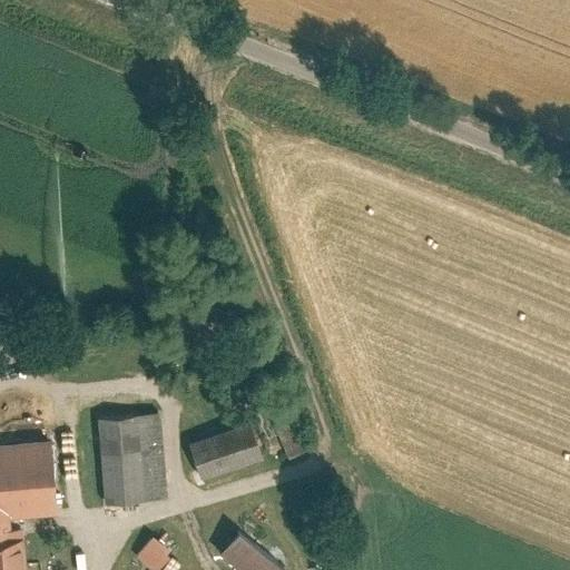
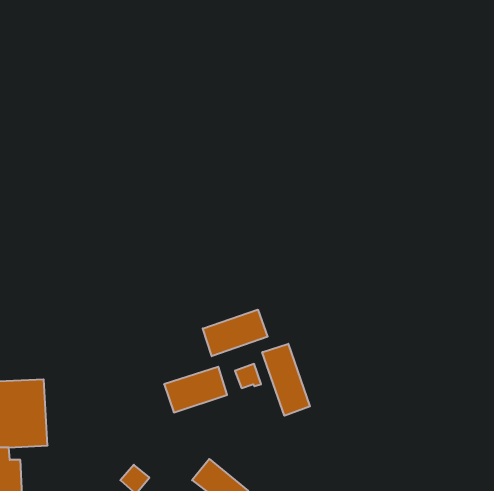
building: none -> [203,310,268,356]
building: none -> [262,344,310,416]
building: [98,417,165,503] -> none

